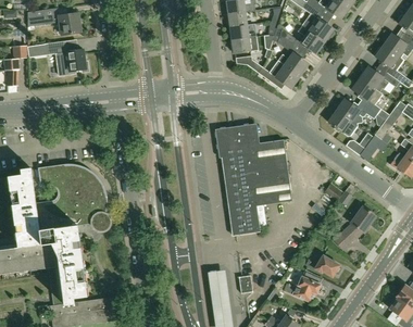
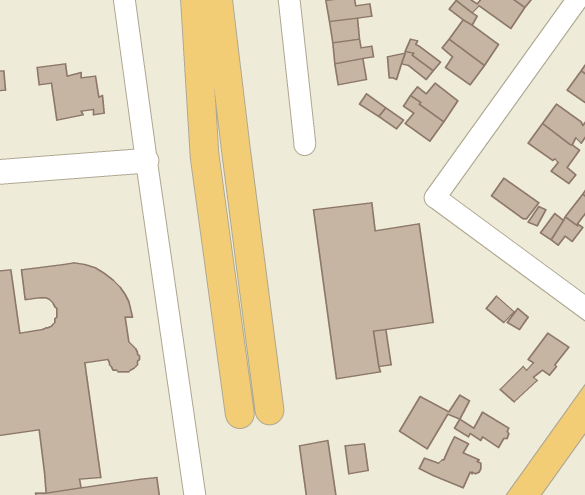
building: [42,7,82,34] -> none
building: [336,99,376,126] -> none
building: none -> [399,395,470,449]

